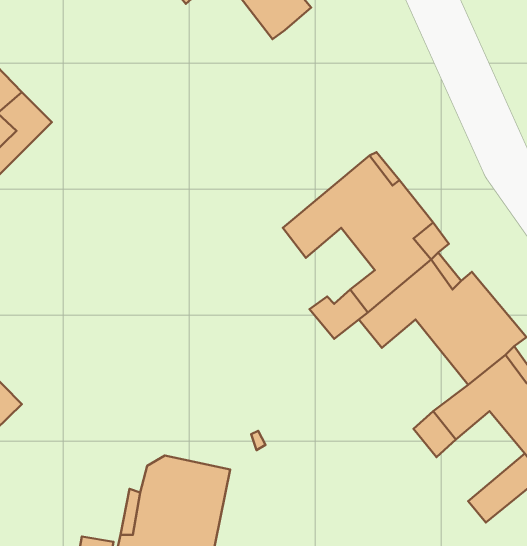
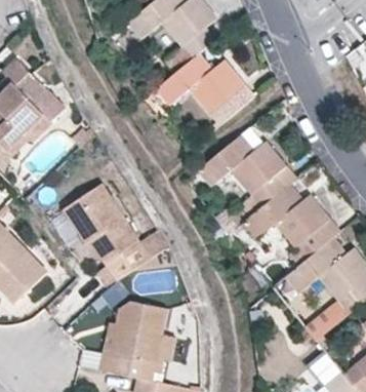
building: none -> [157,54,253,124]
building: none -> [63,183,167,280]

